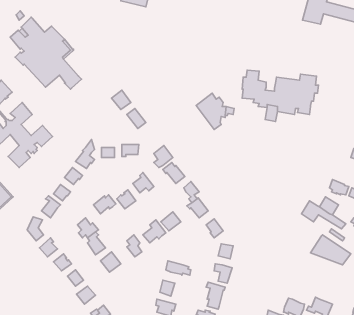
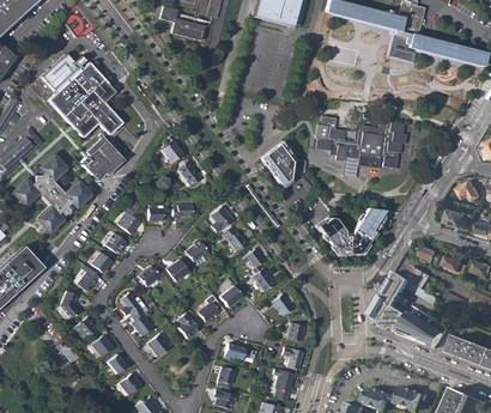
building: none -> [79,140,123,184]
building: none -> [311,209,382,256]
building: none -> [370,287,411,334]

